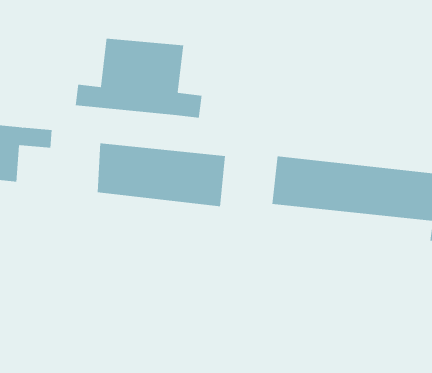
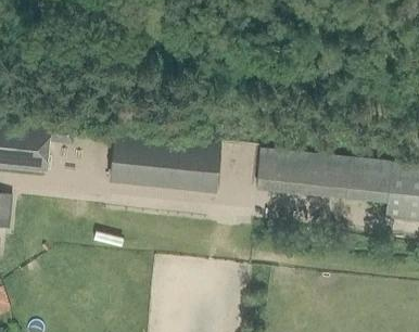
building: [75,38,202,119] -> none

